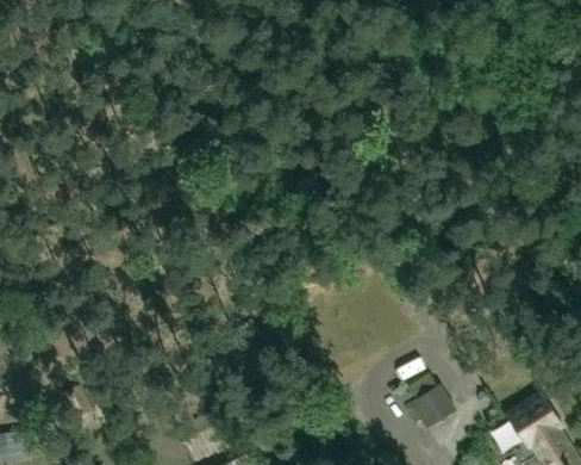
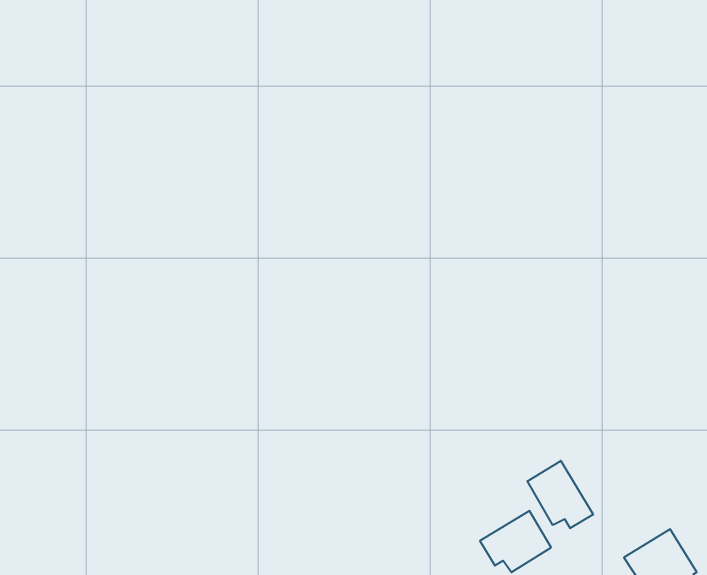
building: none -> [527,461,593,528]

